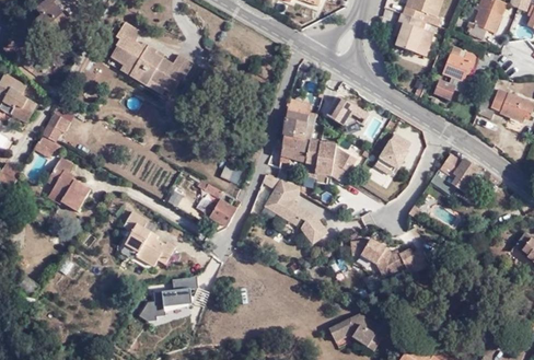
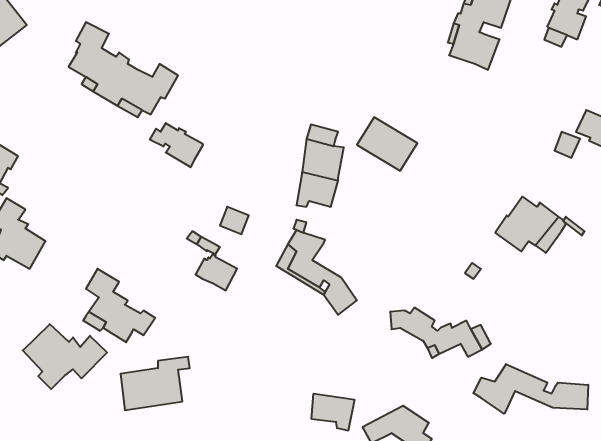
building: [433,40,489,101] -> none
building: none -> [150,123,203,167]
building: [371,137,407,186] -> none
building: [303,139,357,178] -> none
building: none -> [23,324,107,389]
building: none -> [473,364,588,414]
building: none -> [312,394,354,431]

